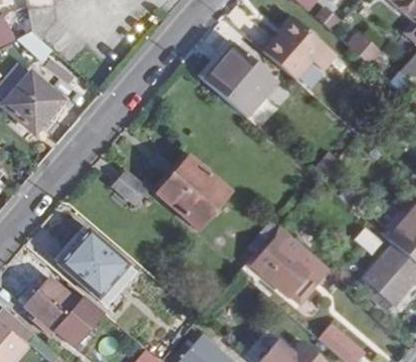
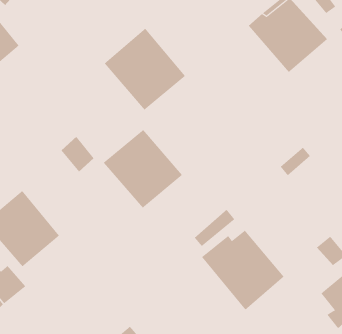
building: [202,41,276,115] -> [104,28,186,110]

